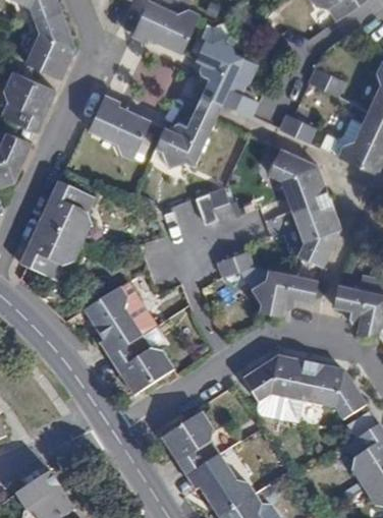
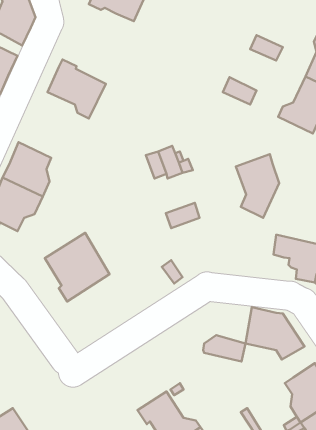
building: [195,36,257,116] -> none
building: [154,108,214,166] -> none
building: [268,149,329,210] -> none
building: [251,269,316,313] -> none
building: [109,337,172,394] -> none
building: [242,356,310,402] -> none
building: [161,411,217,474] -> none

